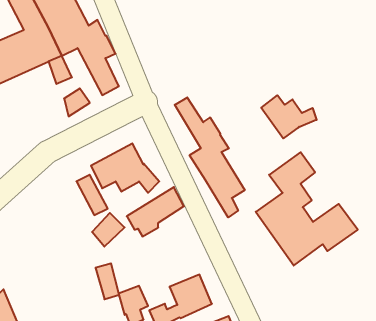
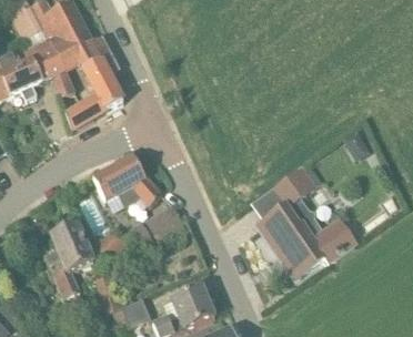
building: [261,95,317,138] -> none
building: [175,97,245,217] -> none
building: none -> [43,223,93,304]

